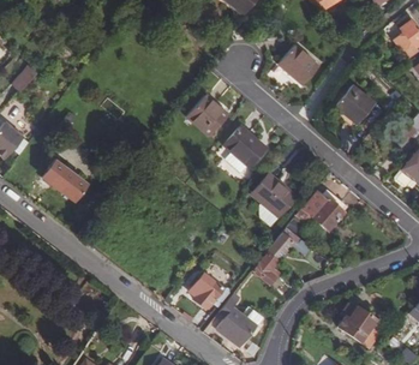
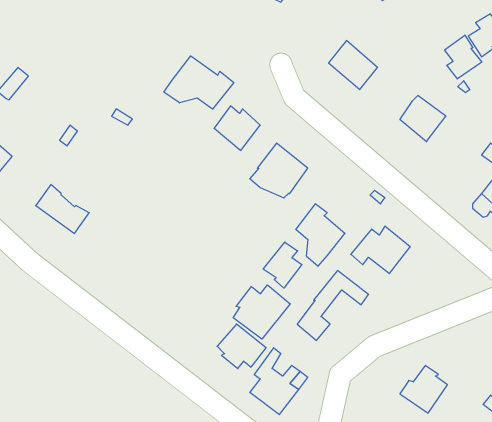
building: none -> [445,35,482,79]
building: none -> [164,56,234,109]
building: none -> [263,242,302,288]
building: none -> [233,285,290,339]

